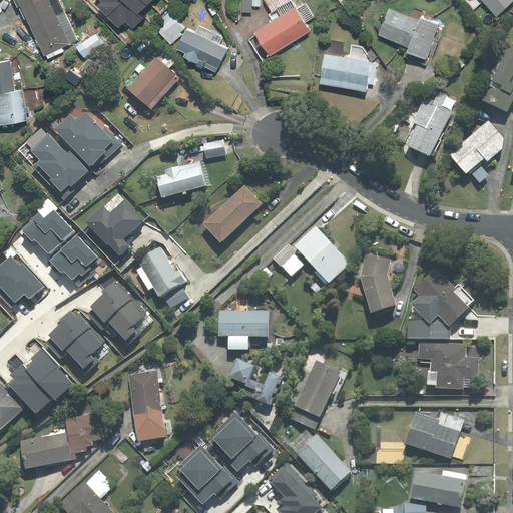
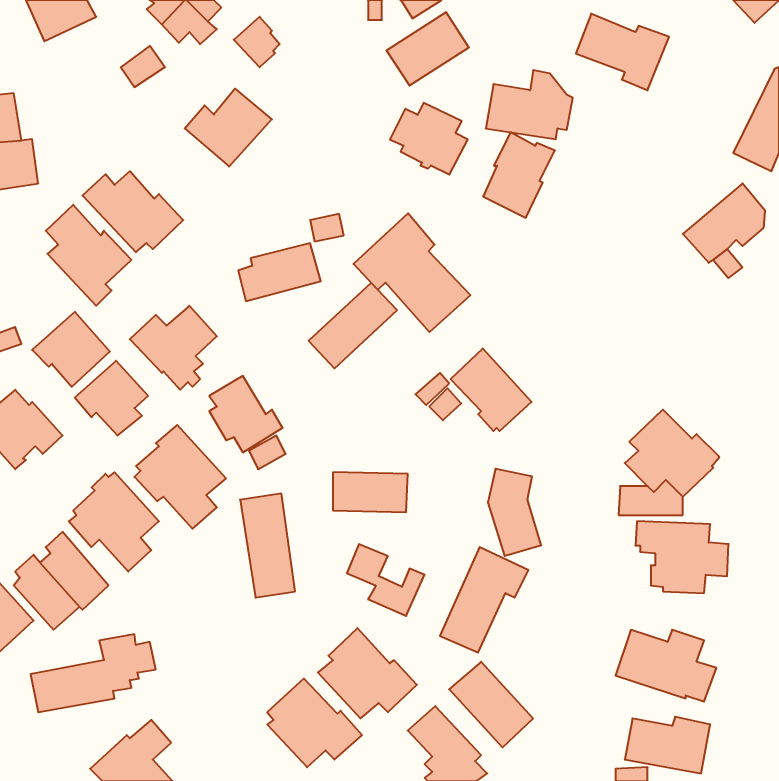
building: [29,11,77,56] -> none
building: [175,25,226,72] -> [390,103,468,175]
building: [404,100,451,156] -> [483,132,555,218]
building: none -> [353,213,470,332]
building: [360,254,395,312] -> [488,469,541,556]
building: [128,371,164,439] -> [240,494,295,598]

